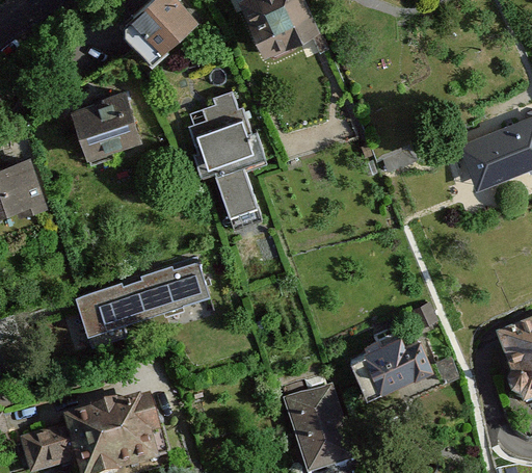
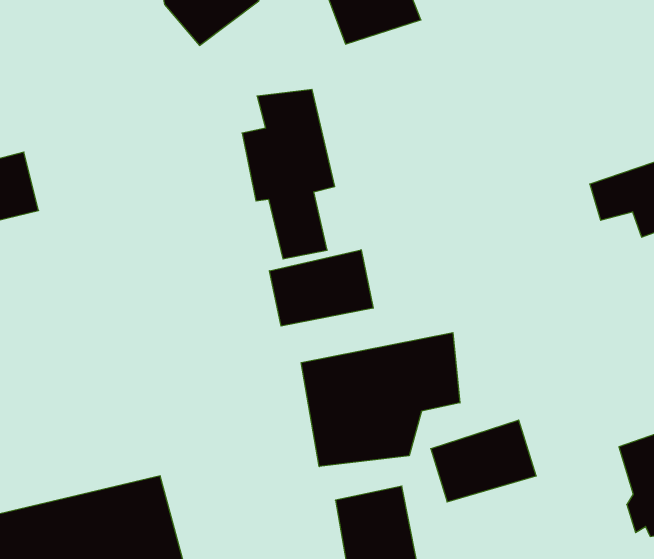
building: [68,88,137,158] -> none
building: none -> [269,250,373,326]
building: [74,257,207,340] -> none
building: none -> [301,333,460,467]

